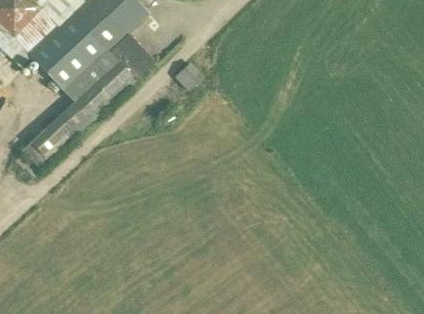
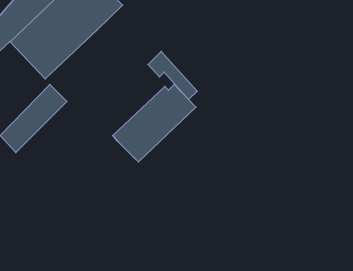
building: [66,37,155,119] -> [113,85,196,162]

